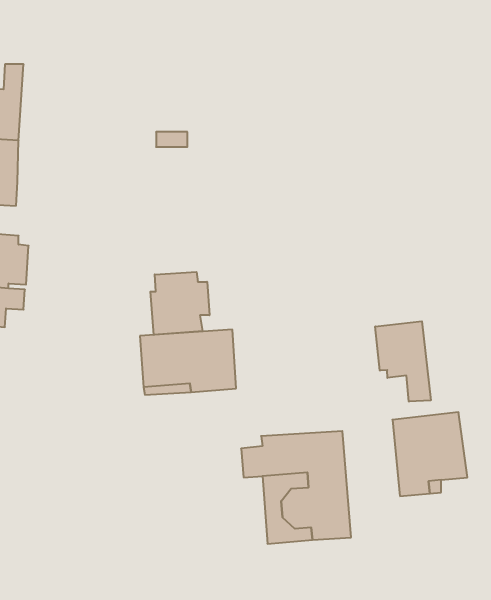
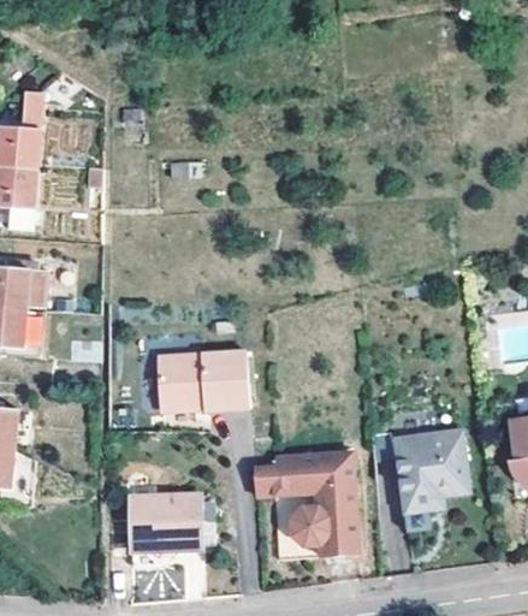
building: [150,272,209,335] -> none
building: [375,321,431,402] -> none
building: none -> [127,494,202,556]

